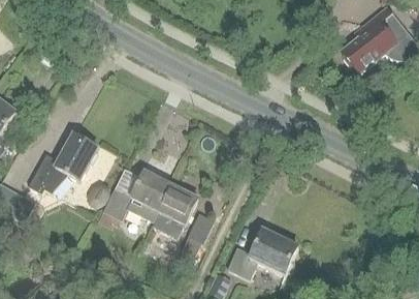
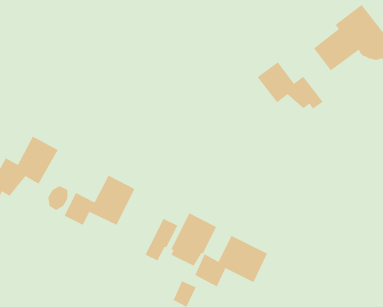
building: none -> [257,61,323,110]
building: [153,184,197,236] -> [171,213,217,267]

